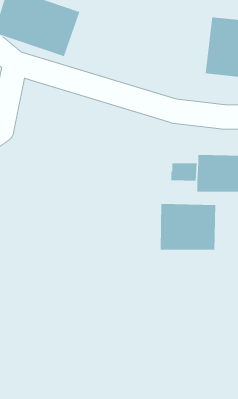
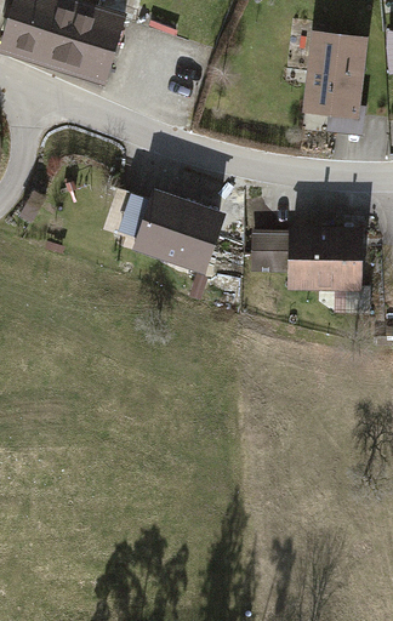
building: none -> [121,192,221,264]
building: [160,203,216,251] -> none

